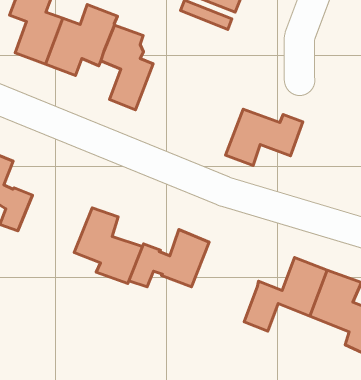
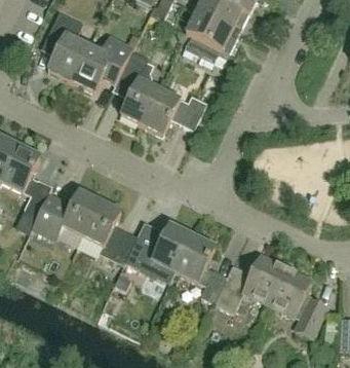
building: [226,109,303,166] -> [142,87,206,134]
building: none -> [32,189,100,238]
building: none -> [174,235,228,302]

